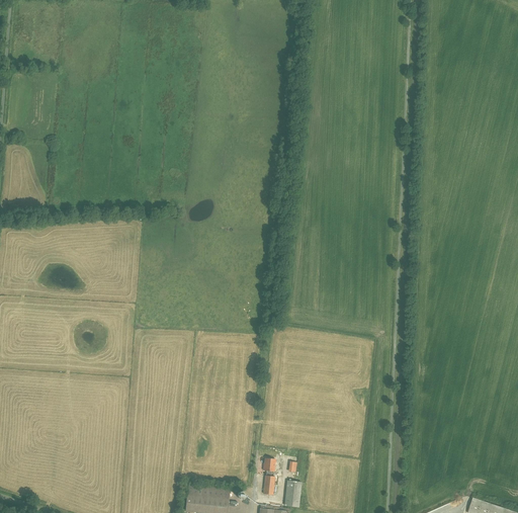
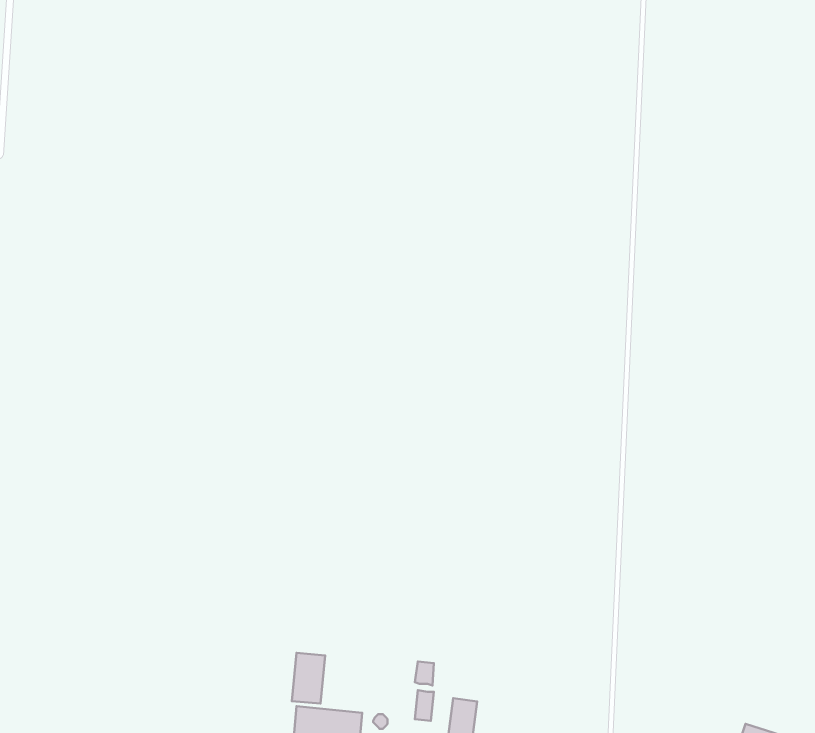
building: none -> [292,653,325,704]

